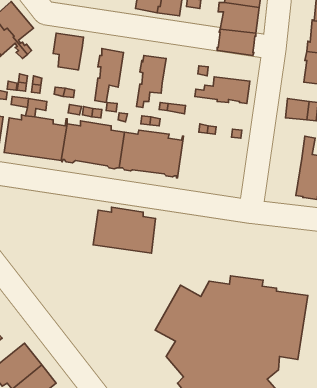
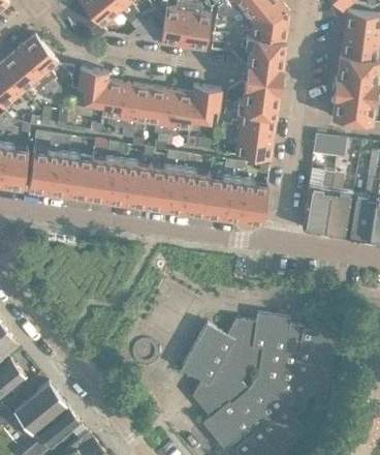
building: none -> [100,81,127,136]
building: none -> [188,86,221,122]
building: none -> [236,86,280,117]
building: none -> [144,88,169,143]
building: none -> [220,132,274,160]
building: none -> [302,172,332,233]
building: [93,207,155,253] -> [203,177,266,223]

